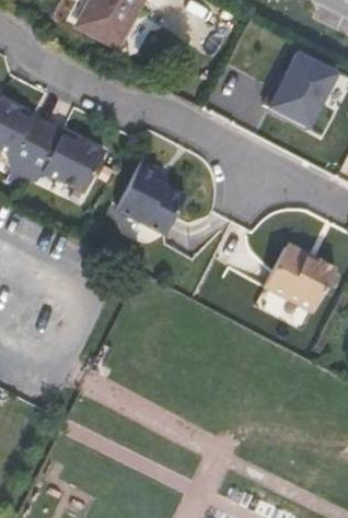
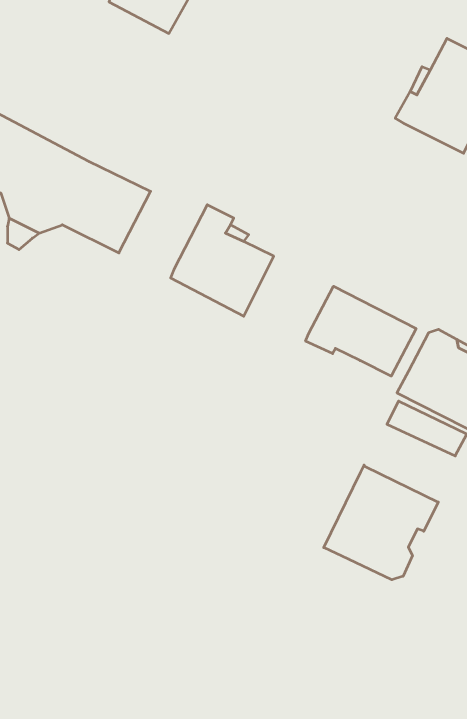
building: none -> [306,286,416,376]
building: none -> [324,465,438,580]

